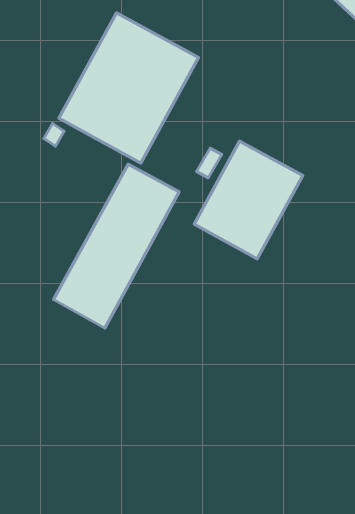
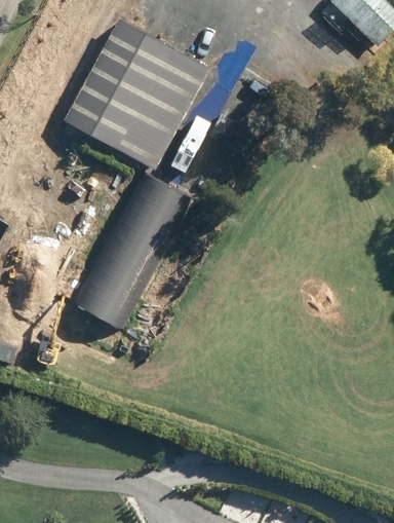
building: [194,141,303,259] -> none

